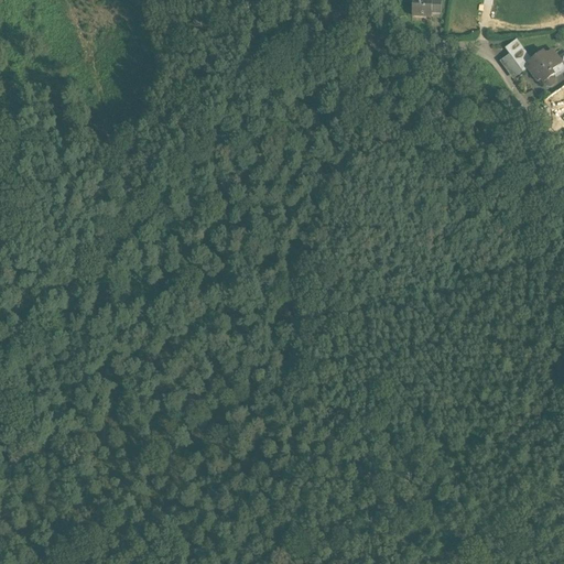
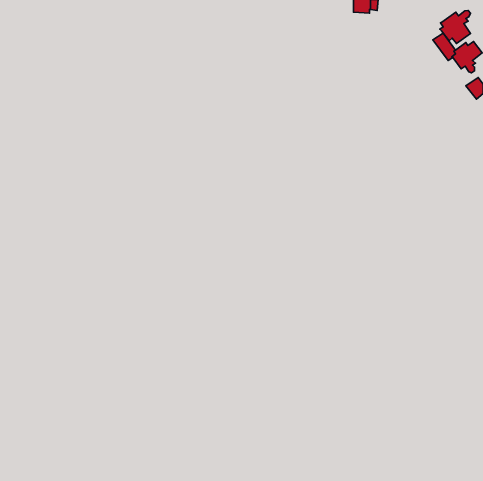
building: none -> [440,10,470,43]

